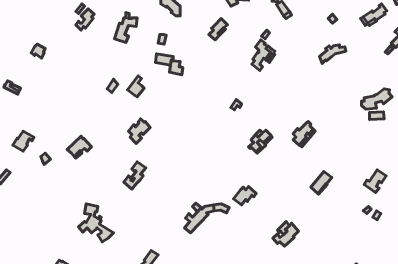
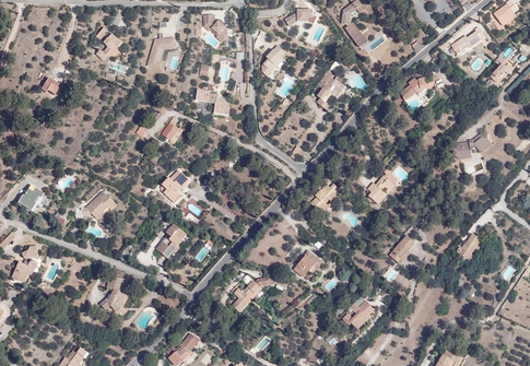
building: none -> [10,244,36,280]

